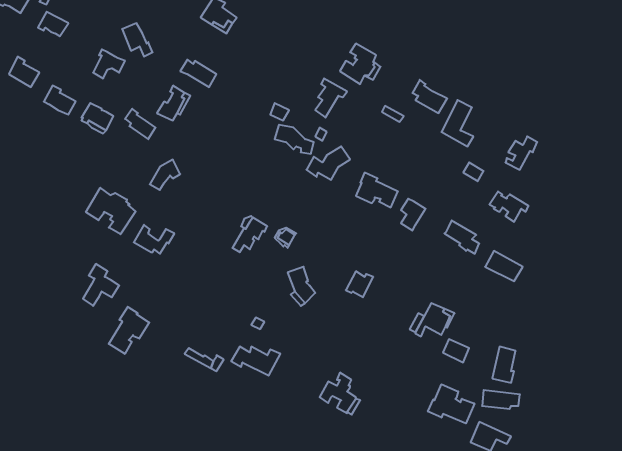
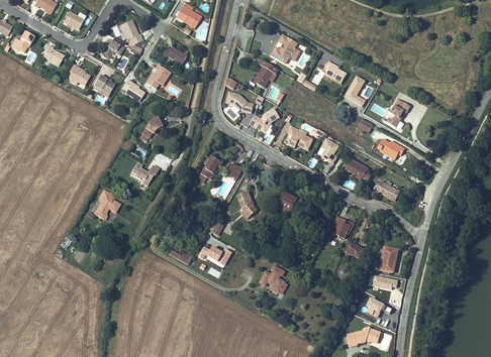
building: [86,188,136,234] -> none
building: [109,307,149,354] -> none
building: [428,384,474,423] -> none

